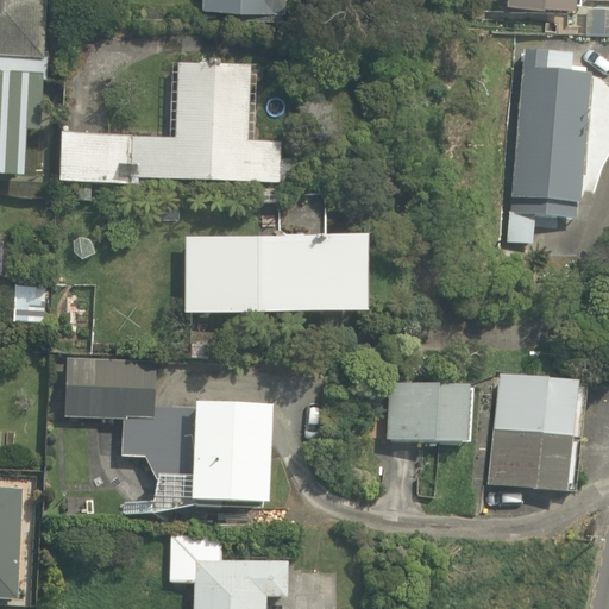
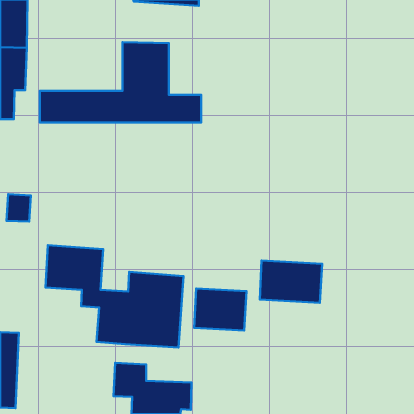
building: [513,44,584,215] -> none
building: [184,233,365,318] -> none
building: [489,370,584,494] -> none
building: none -> [194,288,247,330]

